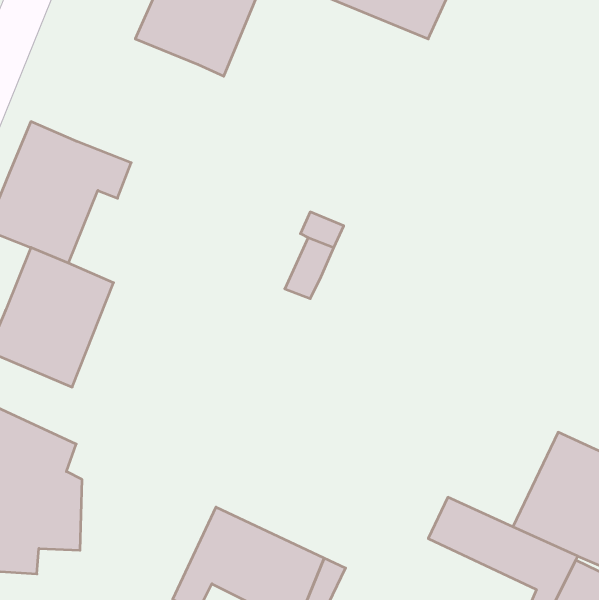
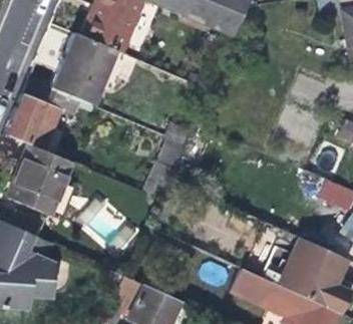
building: none -> [52,33,114,104]

